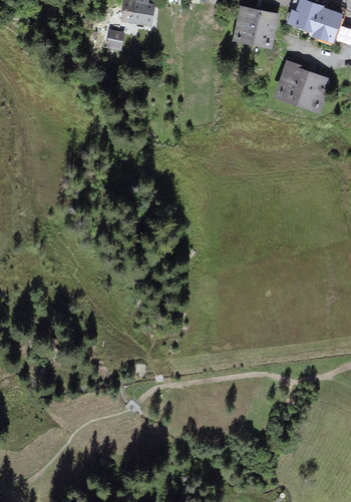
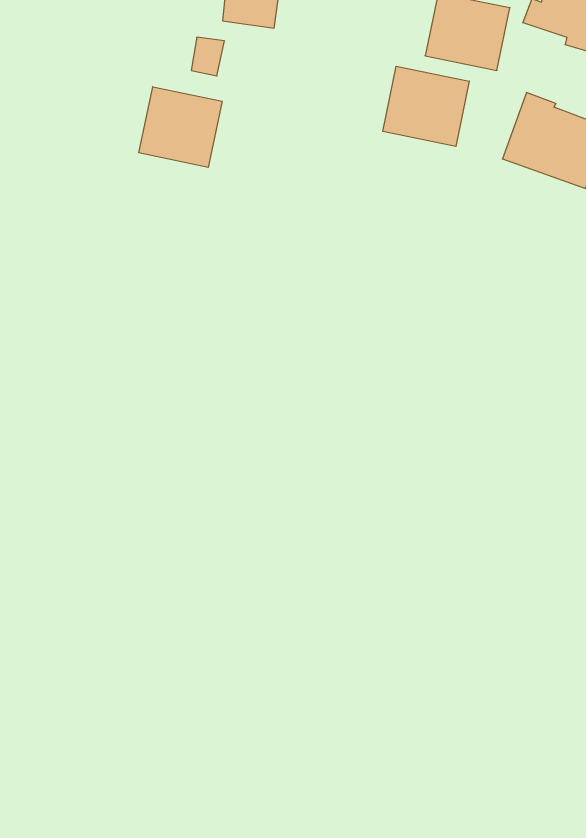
building: none -> [383,66,469,146]
building: none -> [139,87,222,167]

